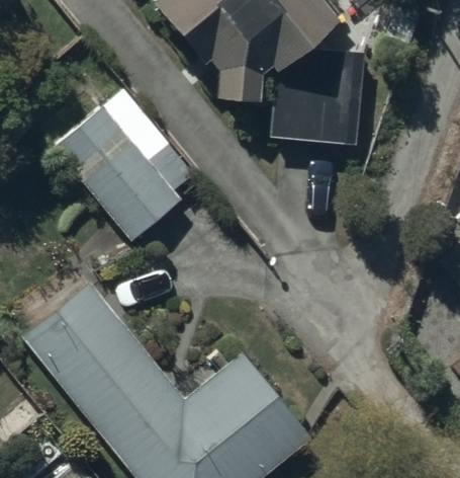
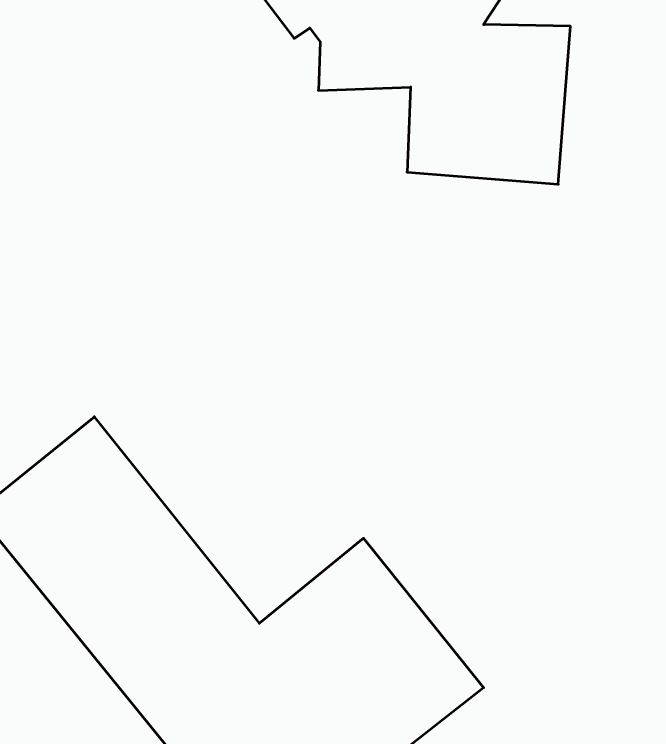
building: [53,90,203,243] -> none

